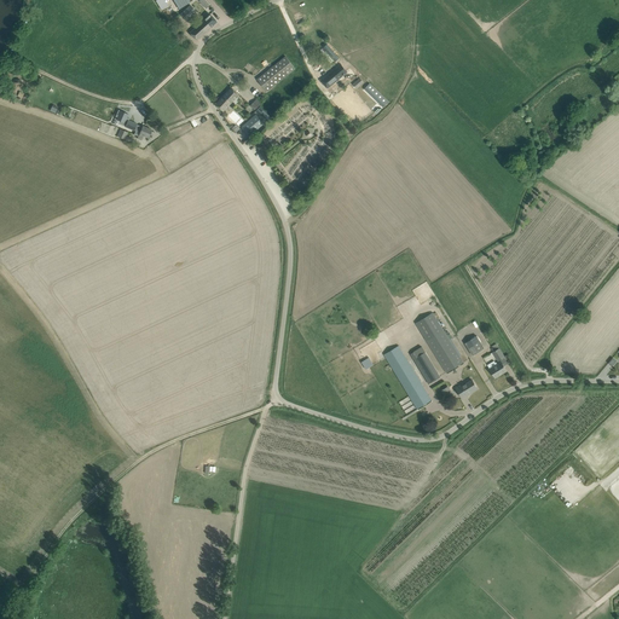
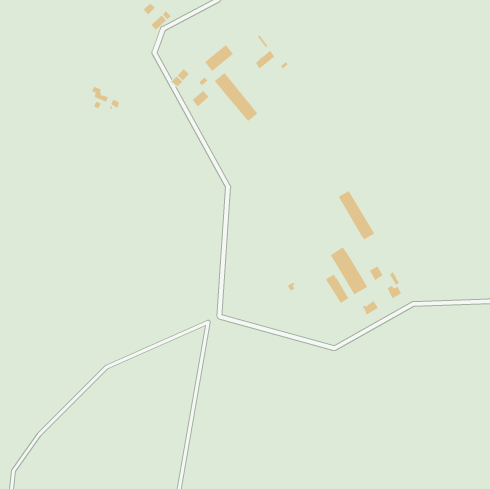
building: none -> [214,72,258,122]
building: [384,345,432,407] -> [338,190,375,240]

